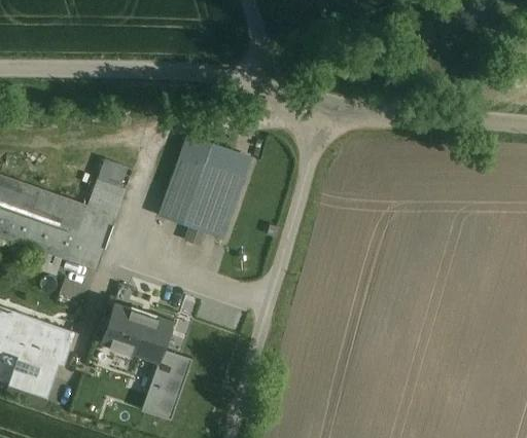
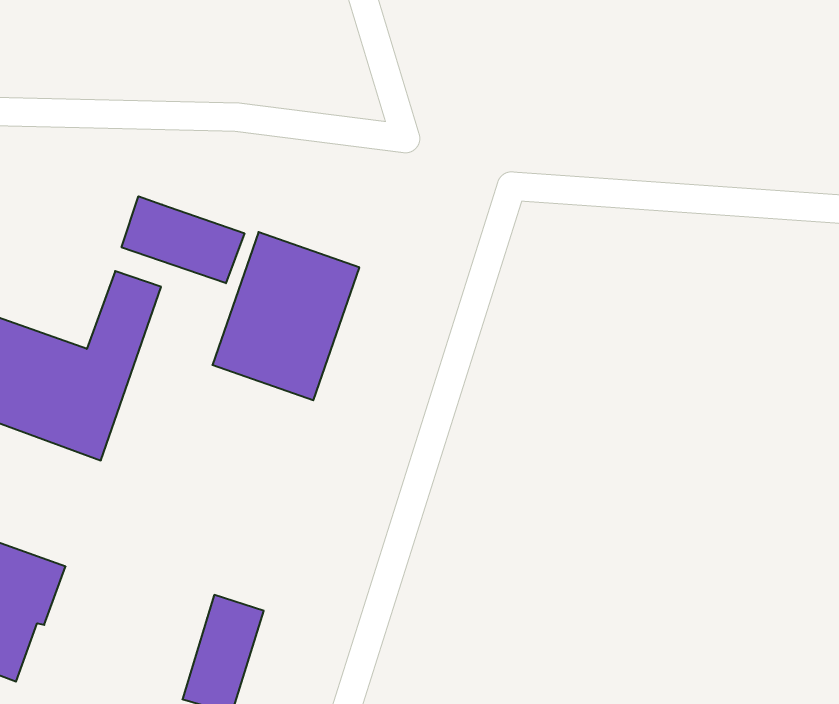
building: none -> [122,196,244,283]
building: [100,301,171,362] -> none

